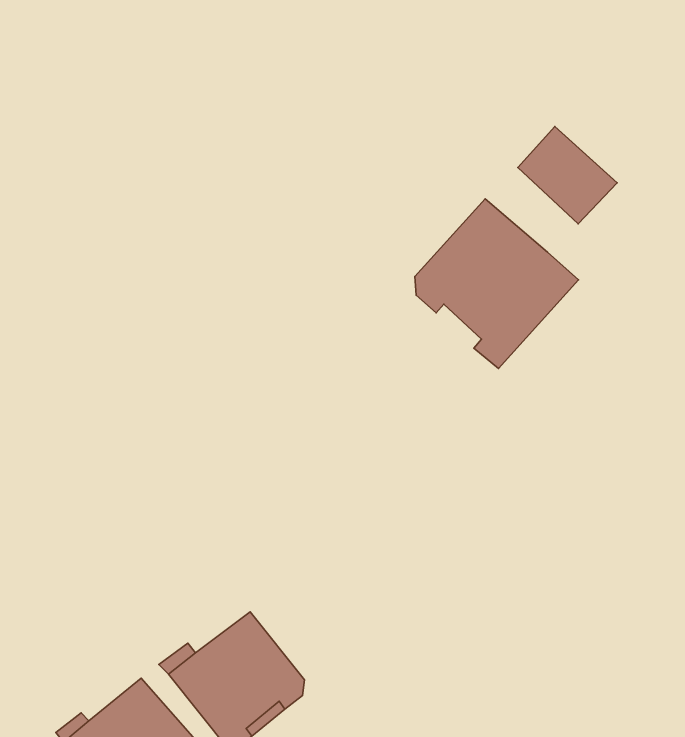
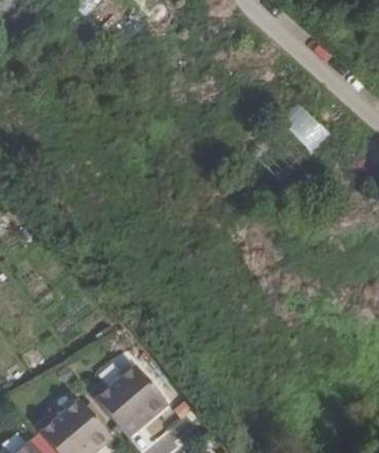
building: [415,199,579,368] -> none

